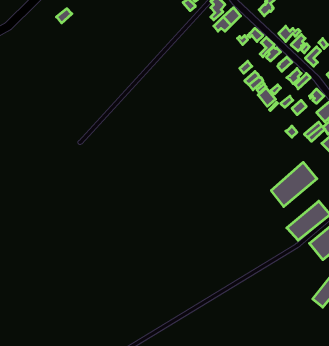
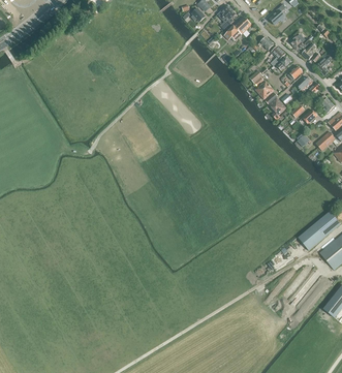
building: [271,162,317,207] -> none

